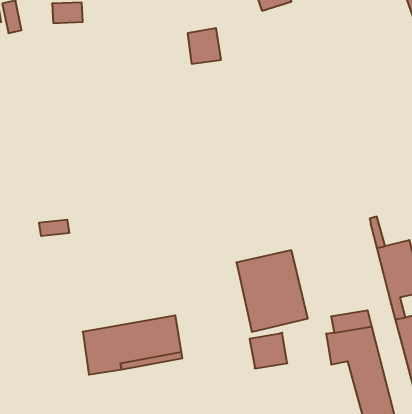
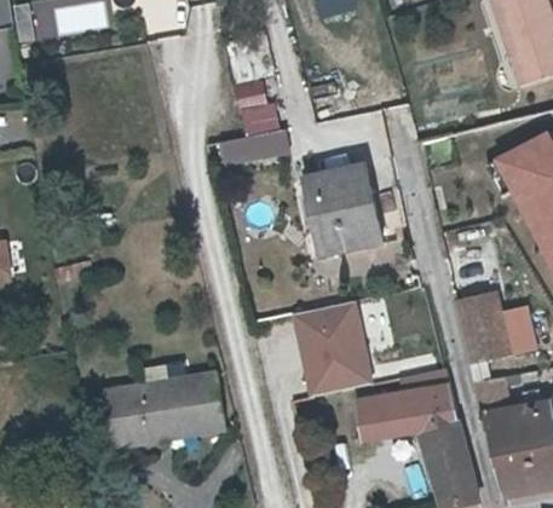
building: none -> [215,79,281,166]
building: none -> [316,168,382,254]
building: [250,333,287,368] -> [356,398,401,440]

